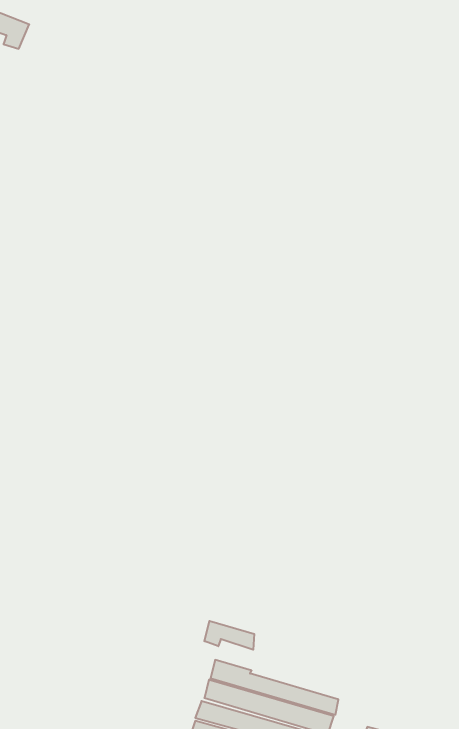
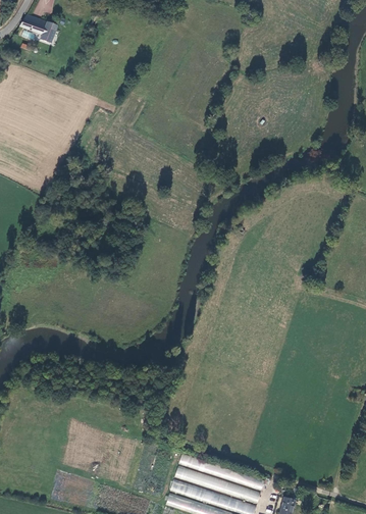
building: [204,621,254,650] -> none

